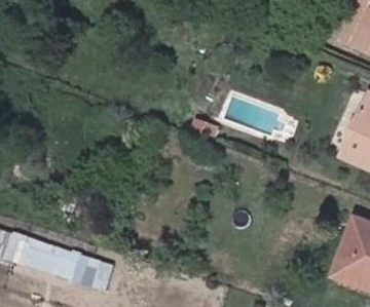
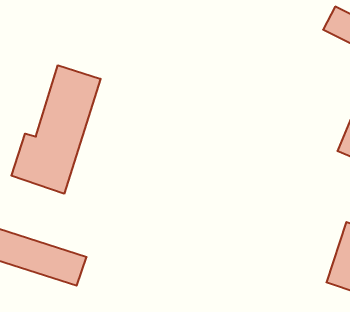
building: none -> [11,65,101,194]

